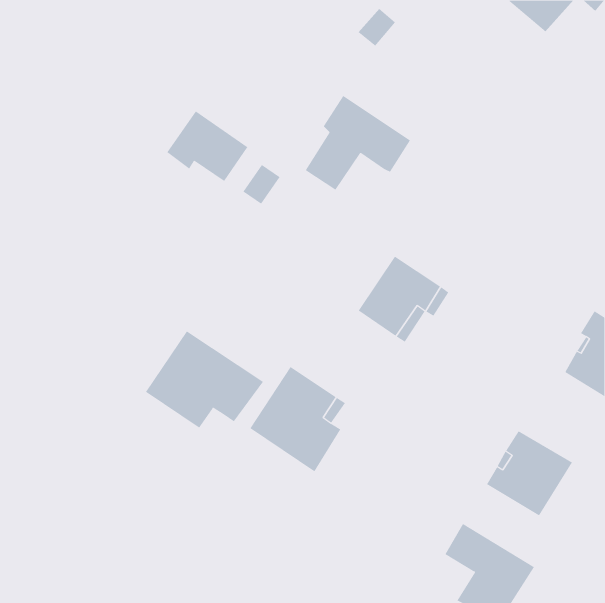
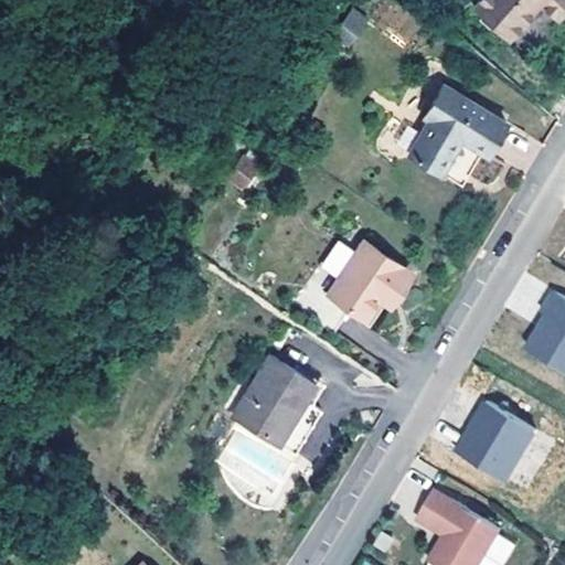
building: [305,95,411,190] -> [412,83,510,171]
building: [166,110,248,182] -> none
building: [145,331,264,428] -> none

